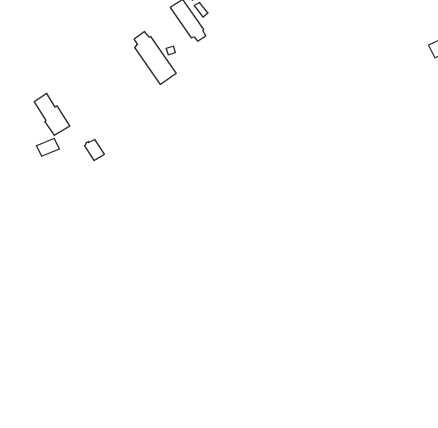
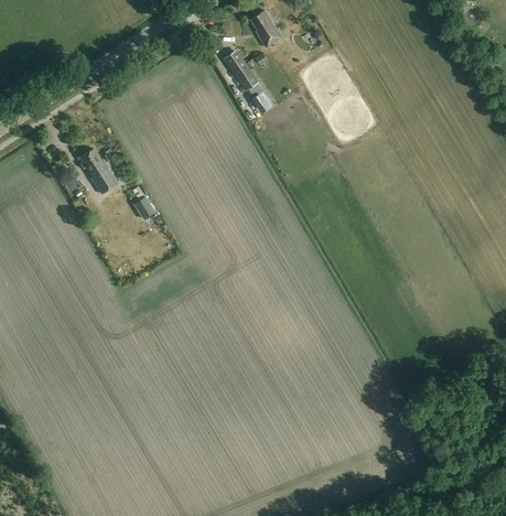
building: [134,31,176,84] -> none

